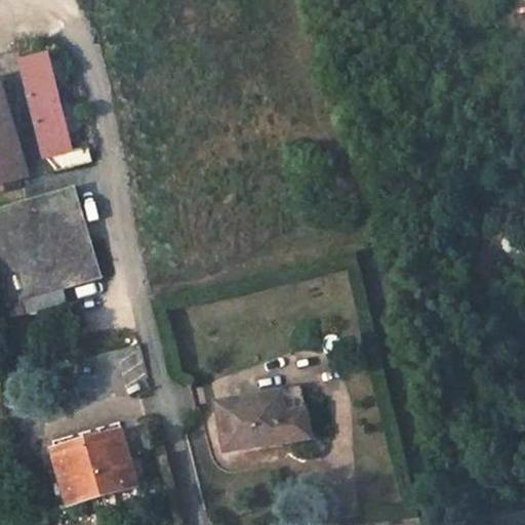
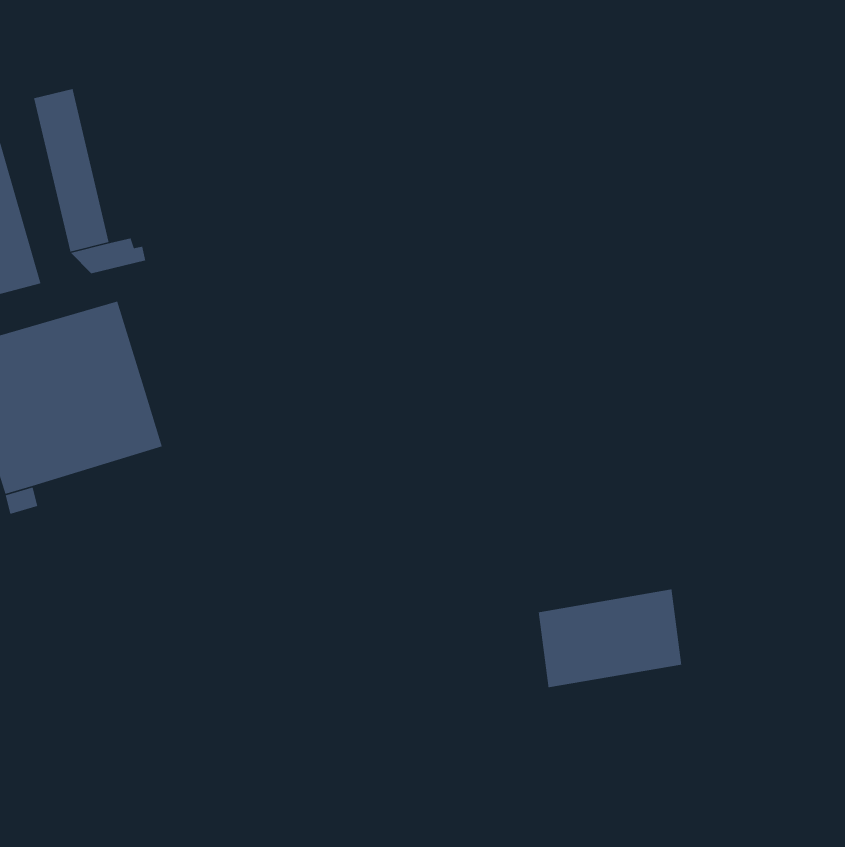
building: [217,388,307,449] -> [538,589,682,688]
building: [54,436,133,502] -> none

